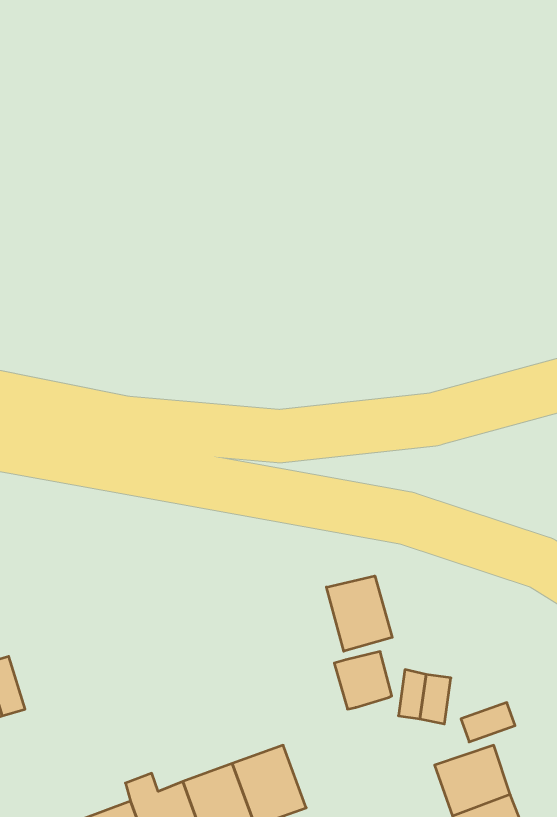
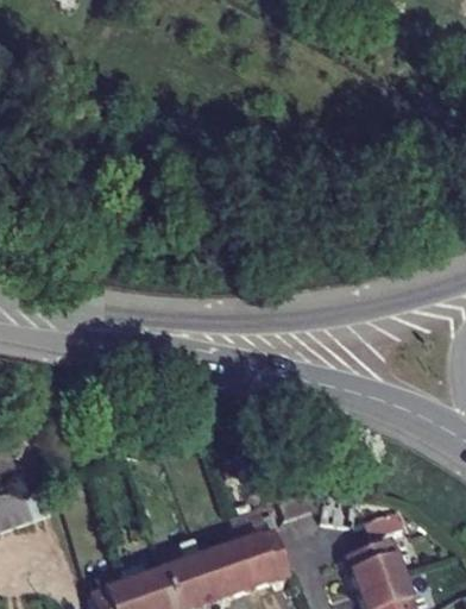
building: [326,576,392,651] -> none
building: none -> [237,530,286,588]

